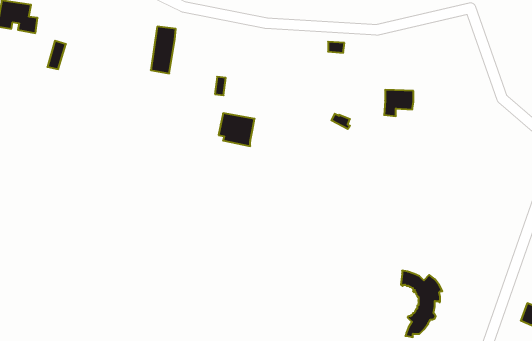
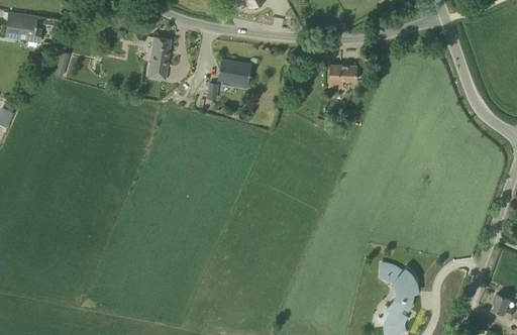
building: [384,90,413,116] -> [329,64,356,88]
building: [219,113,255,146] -> [218,59,251,89]

